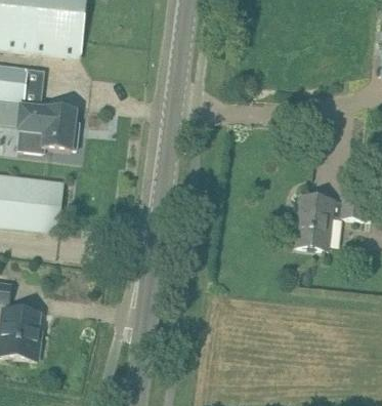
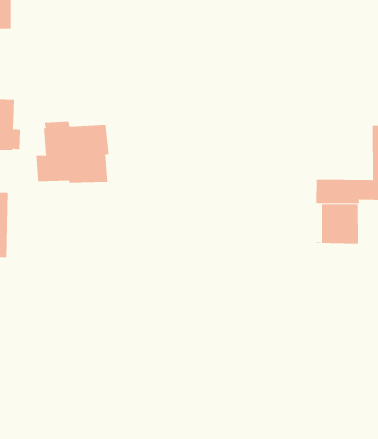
building: none -> [36,121,109,183]

